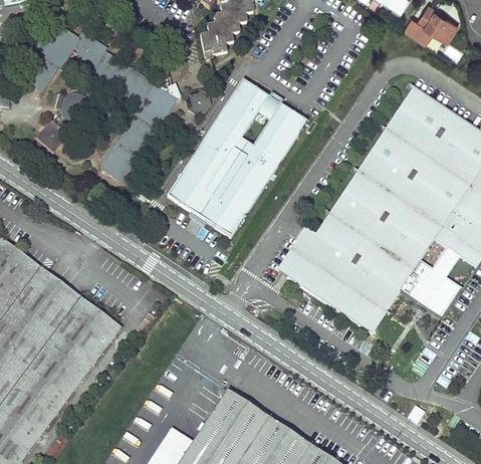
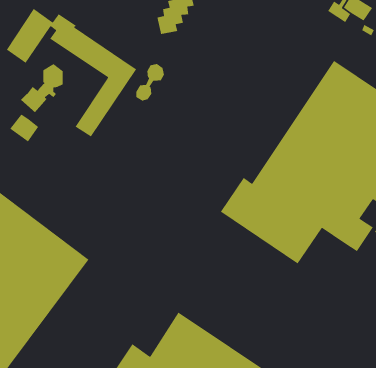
building: [168,79,306,236] -> none
building: none -> [9,113,39,143]

